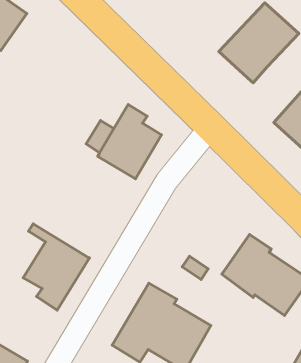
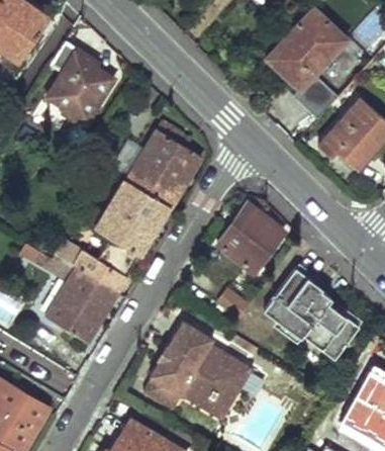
building: none -> [46,47,112,122]
building: none -> [295,78,340,120]
building: none -> [54,179,169,293]
building: none -> [215,200,285,272]

